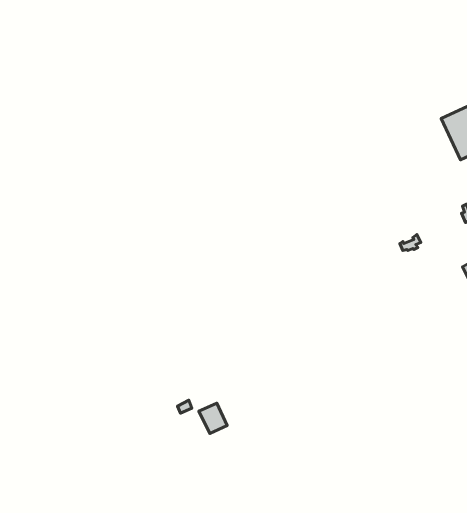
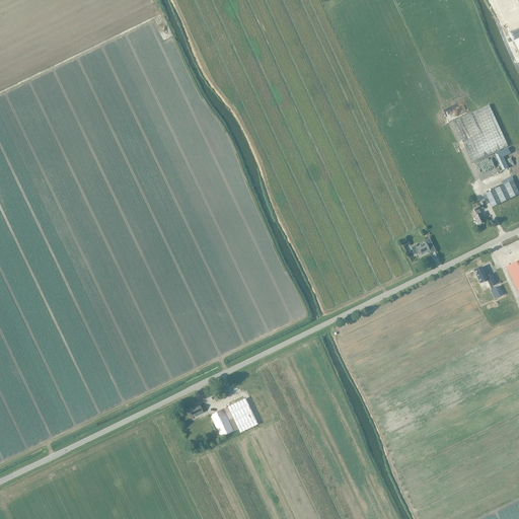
building: none -> [229,397,260,432]

